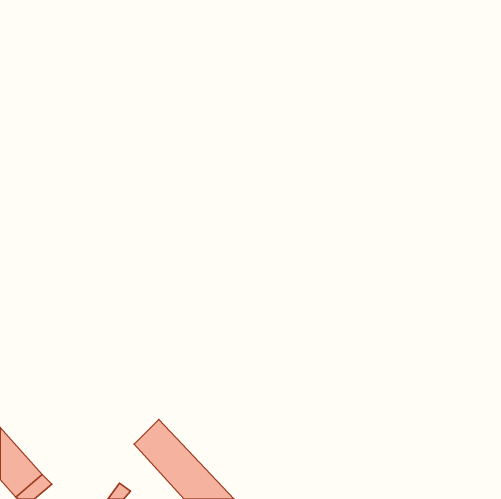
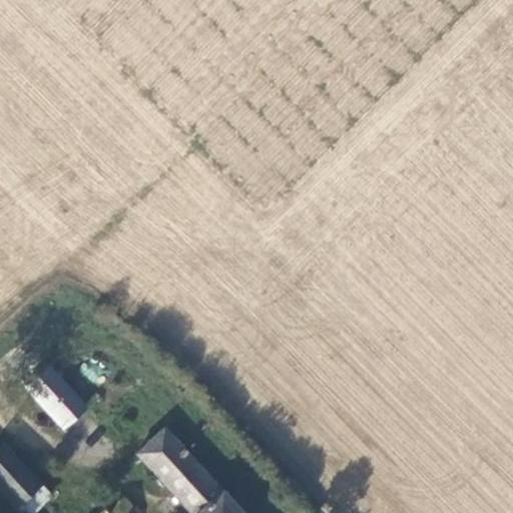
building: none -> [29,368,85,426]

